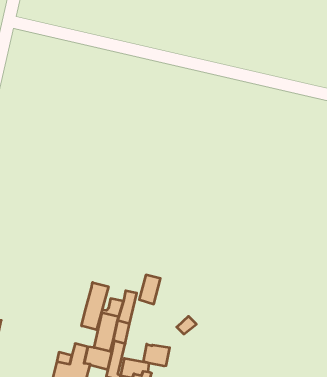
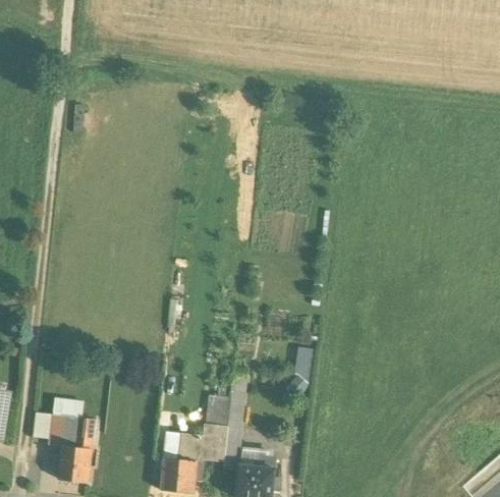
building: [139,275,160,304] -> [291,345,313,378]
building: [82,282,108,330] -> none
building: [143,344,170,366] -> none

